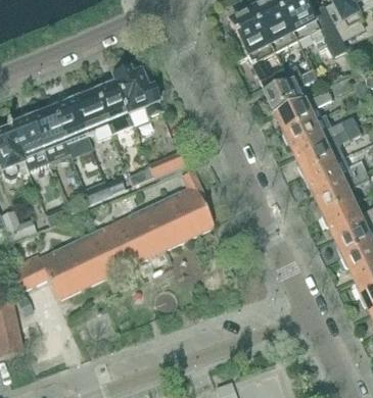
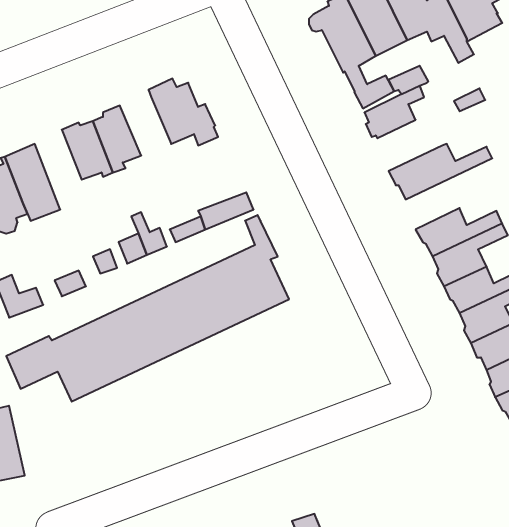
building: [92,81,133,133] -> none
building: [278,90,333,134] -> none
building: [31,104,69,161] -> none
building: [297,125,363,176] -> none

